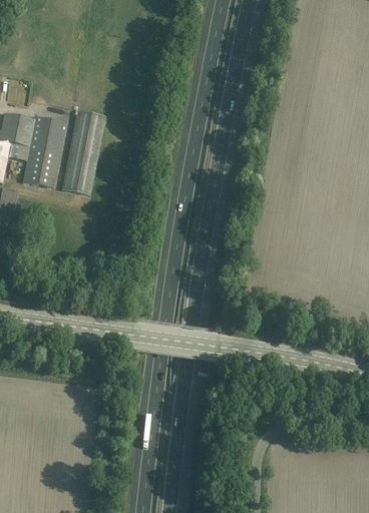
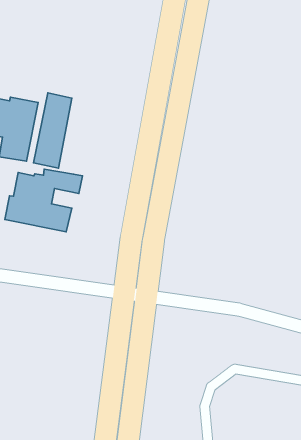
building: none -> [5,169,83,232]

